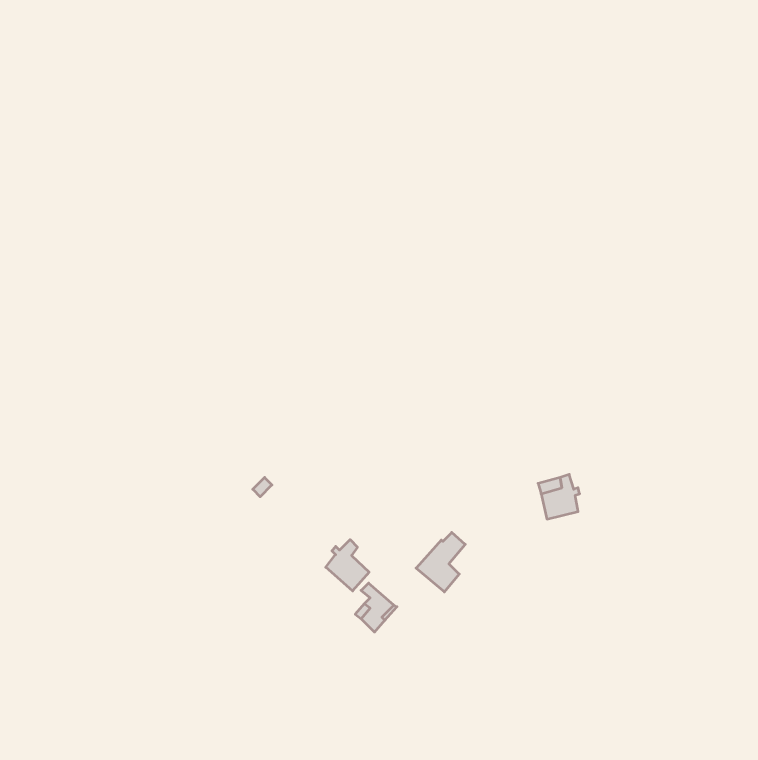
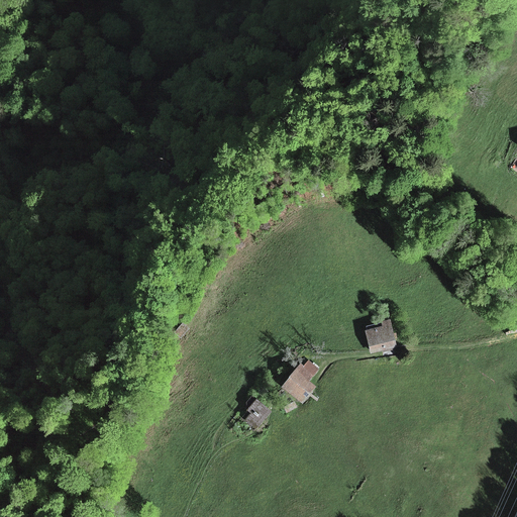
building: [326,540,369,591] -> none

